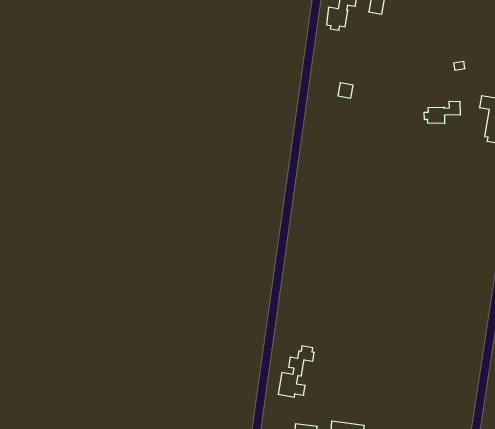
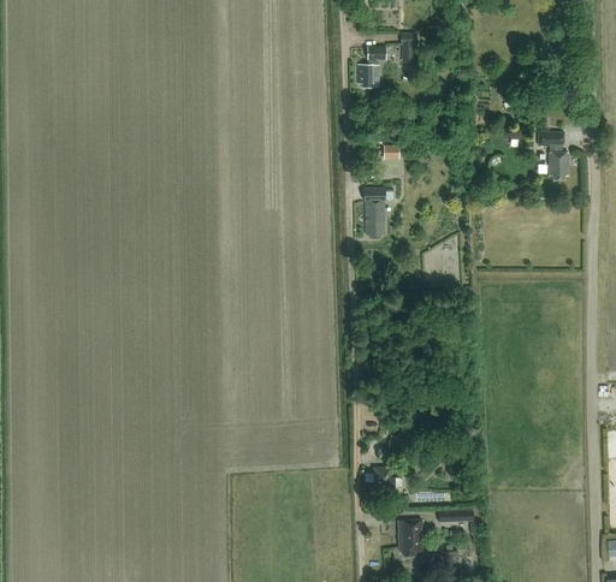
building: [424,101,460,124] -> none
building: none -> [362,189,384,238]

